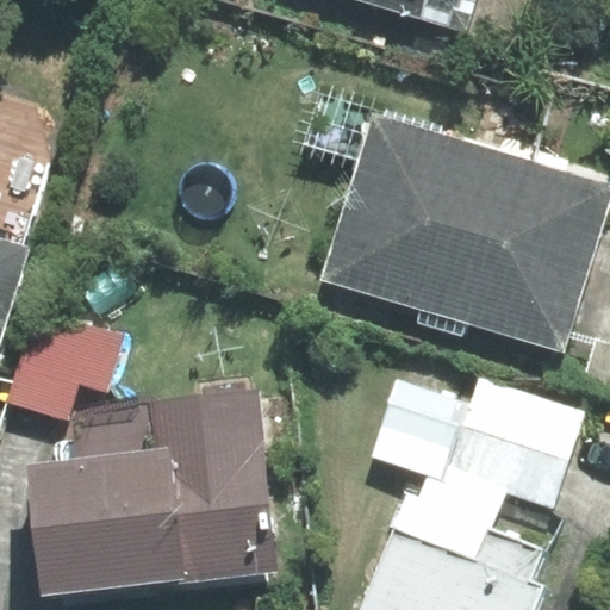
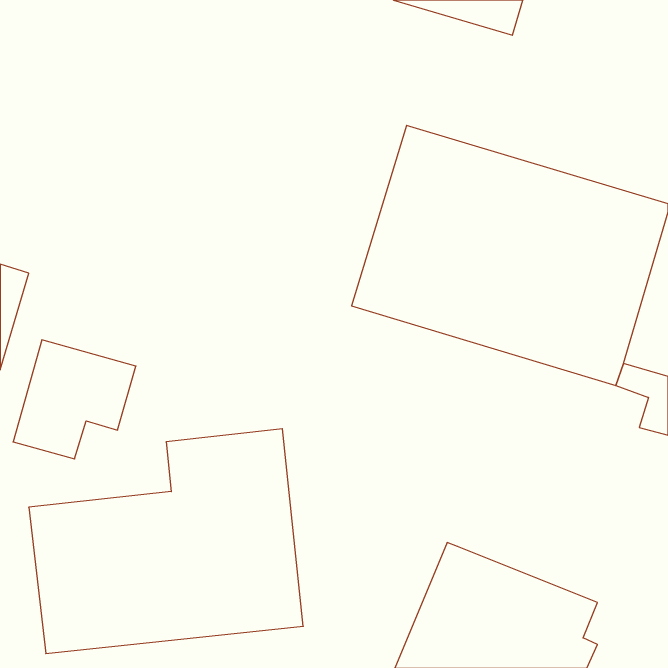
building: [372,375,583,527] -> none

